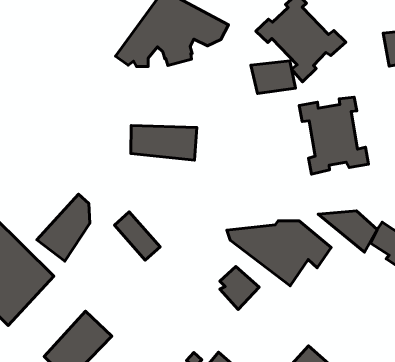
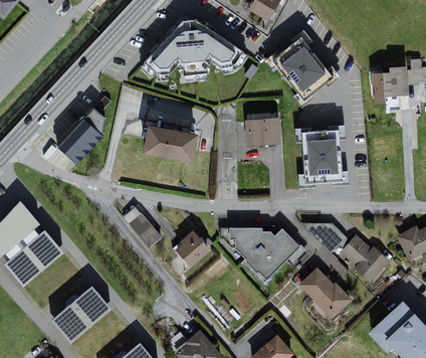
building: [251,61,295,93] -> [244,120,280,145]
building: [37,194,90,261] -> [56,111,104,167]
building: none -> [298,267,352,321]
building: [220,267,259,309] -> [177,231,211,268]

